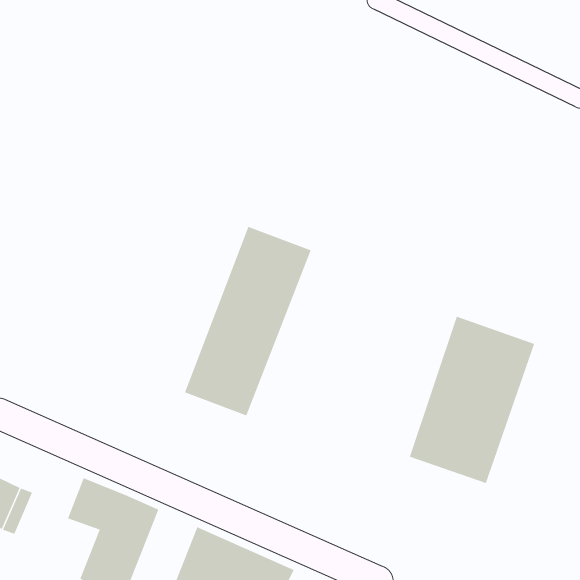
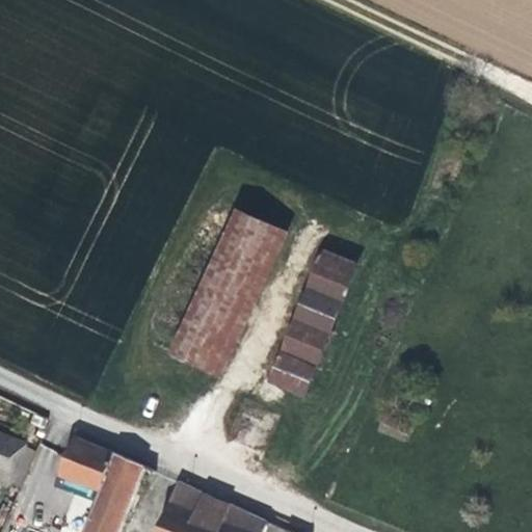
building: none -> [266,247,354,399]
building: [409,316,535,484] -> none

